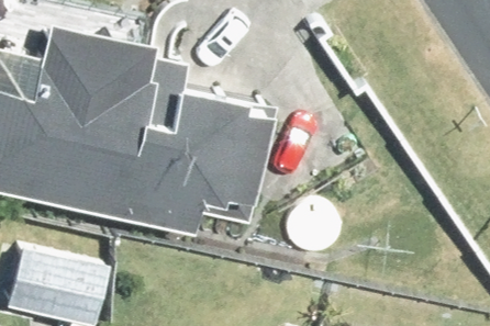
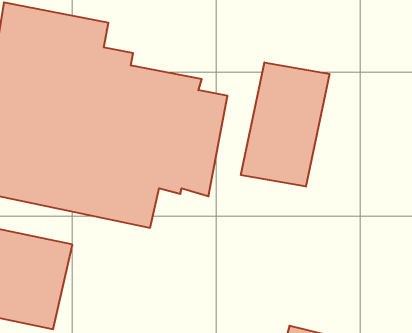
building: none -> [241,62,329,187]

